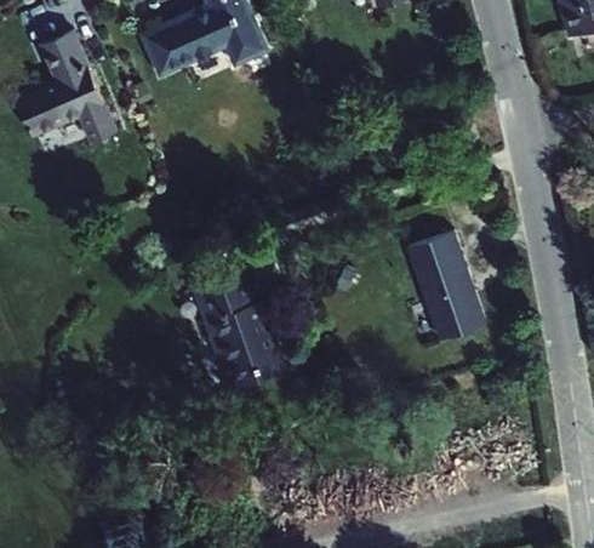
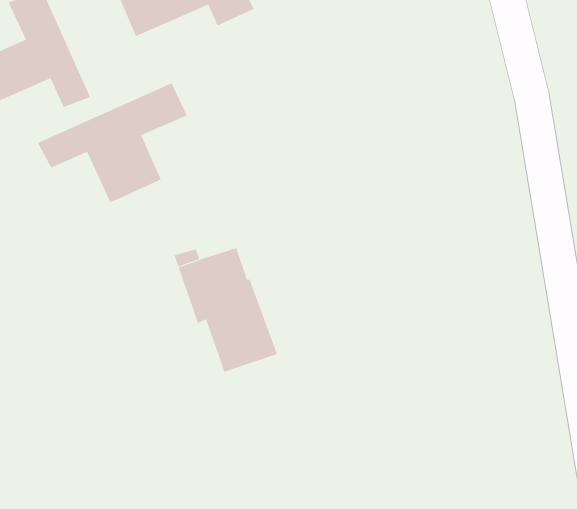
building: none -> [37,82,188,203]
building: [412,232,489,339] -> none

